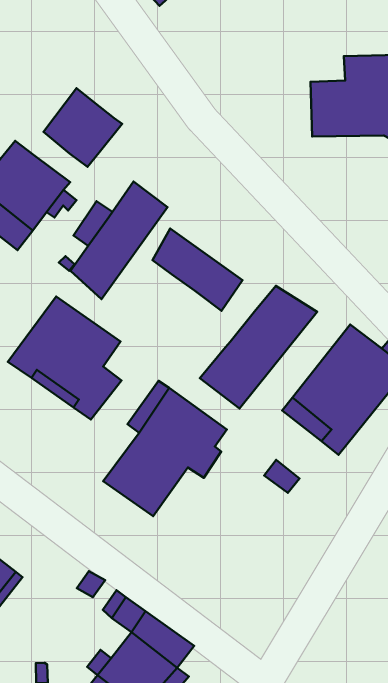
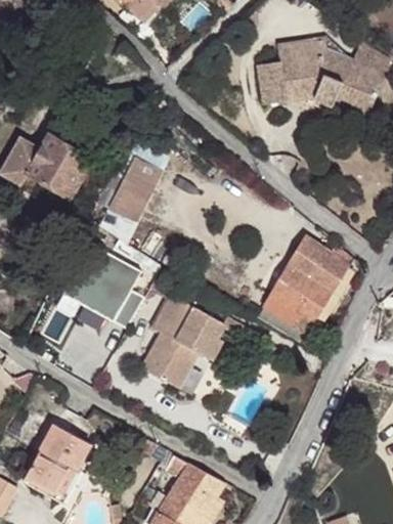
building: [43,88,122,167] -> none
building: [152,228,243,311] -> none
building: [200,286,317,409] -> none

